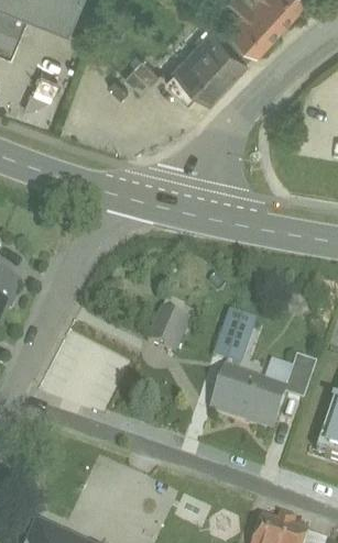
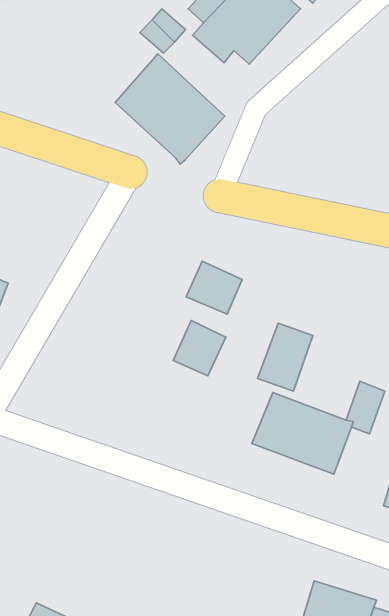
building: none -> [115,54,225,164]
building: none -> [186,261,242,314]

